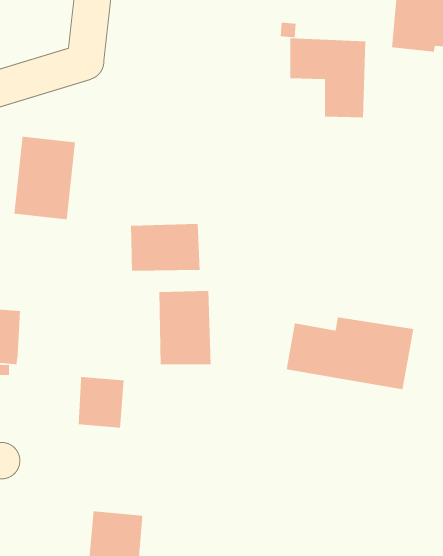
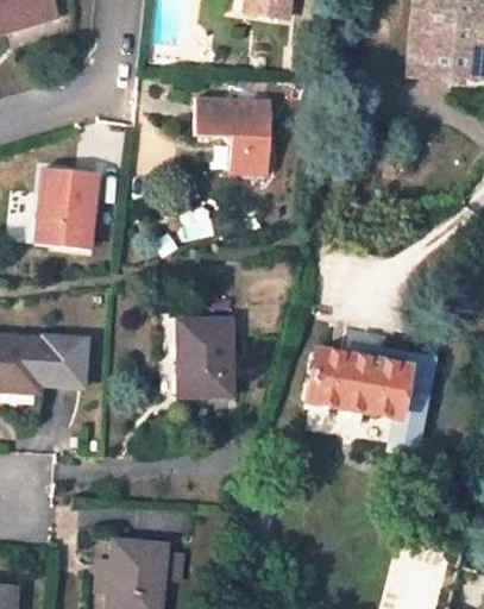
building: [289,38,366,118] -> [195,95,271,175]
building: [130,223,200,271] -> none
building: [78,377,124,428] -> [40,337,87,388]

